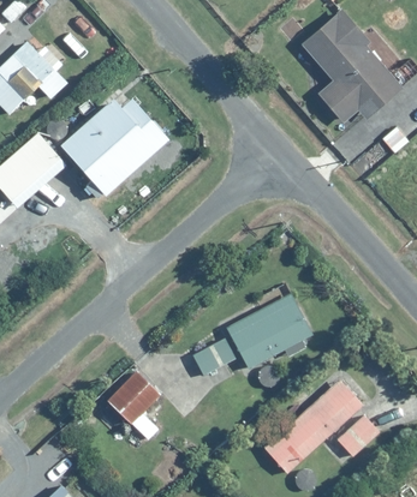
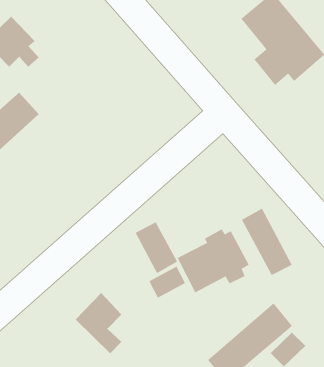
building: [60,89,169,196] -> none
building: none -> [241,208,292,276]
building: none -> [135,221,178,274]

